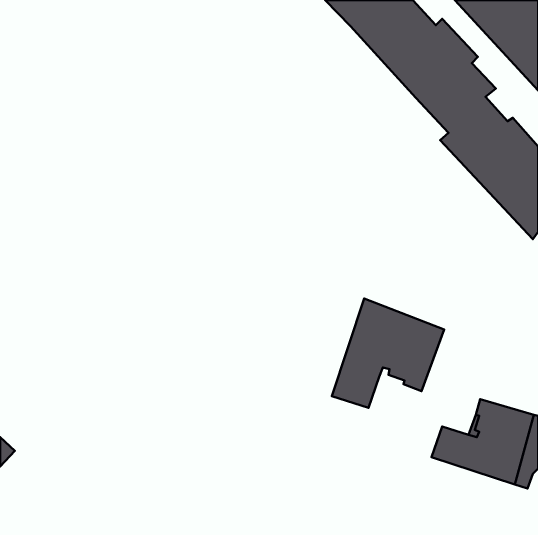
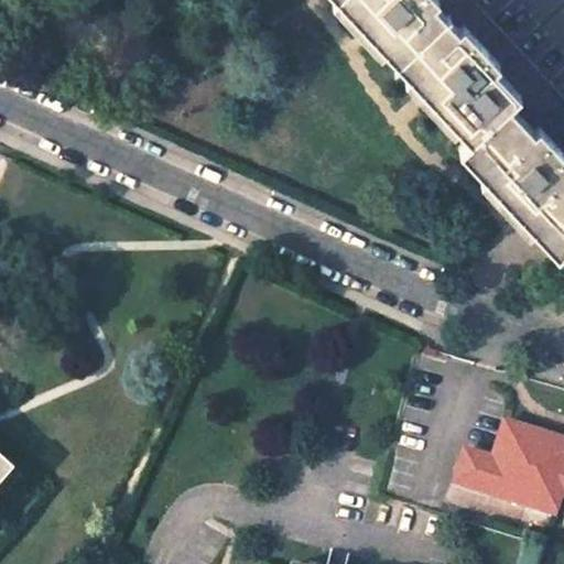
building: [332,298,444,408] -> none

